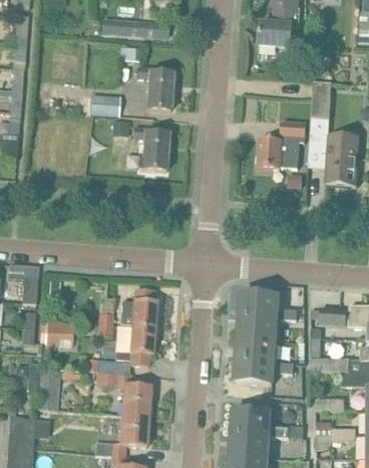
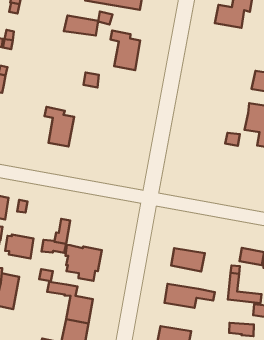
building: [81,94,120,114] -> [64,16,98,36]
building: [259,122,307,169] -> none
building: [134,127,169,171] -> [45,107,74,147]
building: [120,288,157,328] -> none
building: [241,293,298,320] -> none
building: [238,337,276,362] -> none

